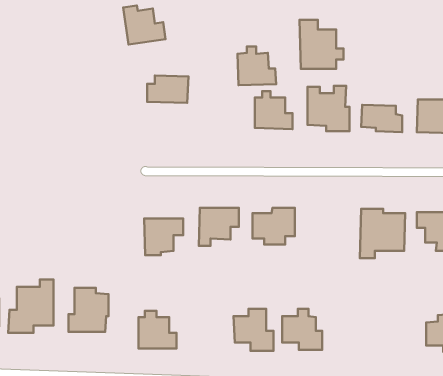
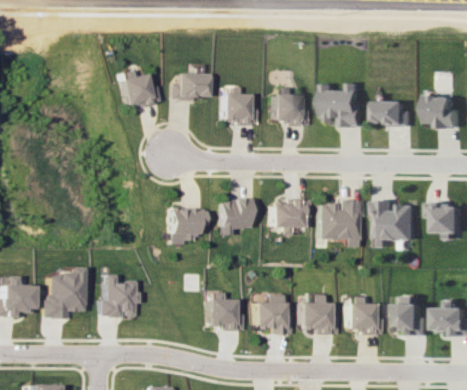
building: [123,5,165,44] -> [119,70,159,107]
building: [300,20,344,69] -> none
building: [237,46,276,85] -> [222,87,259,124]
building: none -> [321,199,363,247]
building: none -> [347,296,383,333]
building: none -> [392,296,430,335]
building: [139,311,176,349] -> [207,293,243,329]

